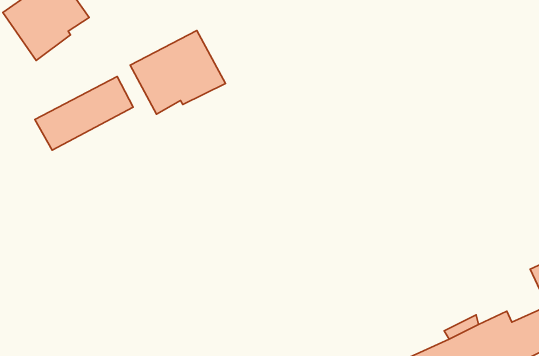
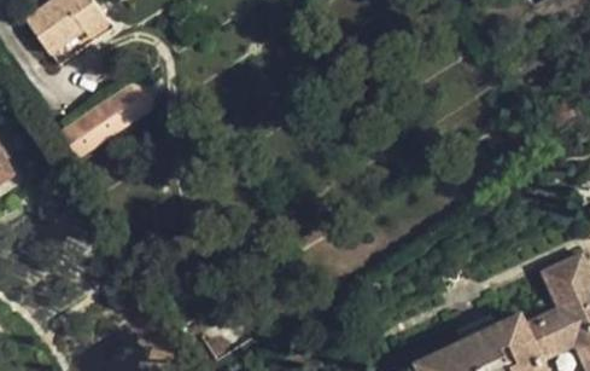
building: [130,31,225,114] -> none

